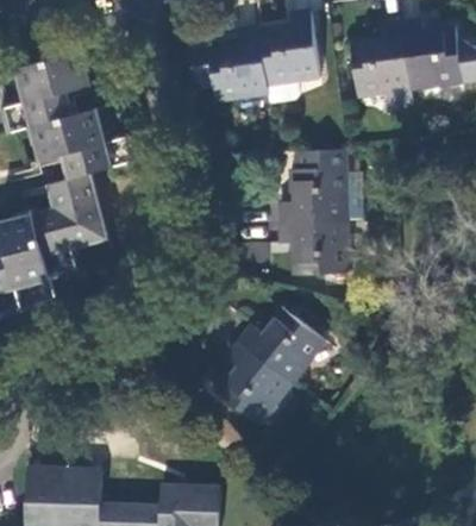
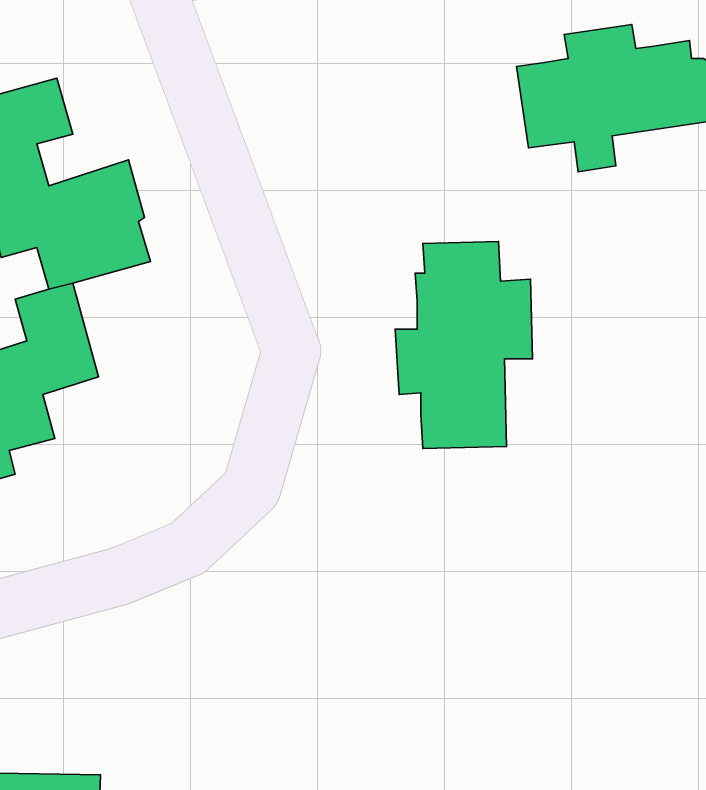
building: [187,12,318,105] -> none
building: [217,307,320,420] -> none

